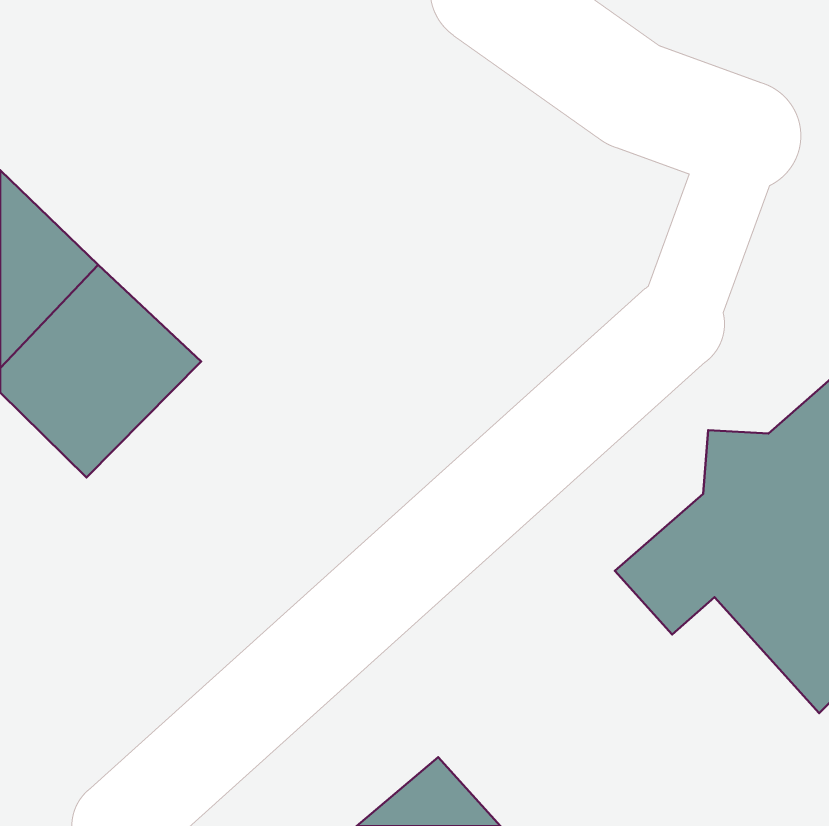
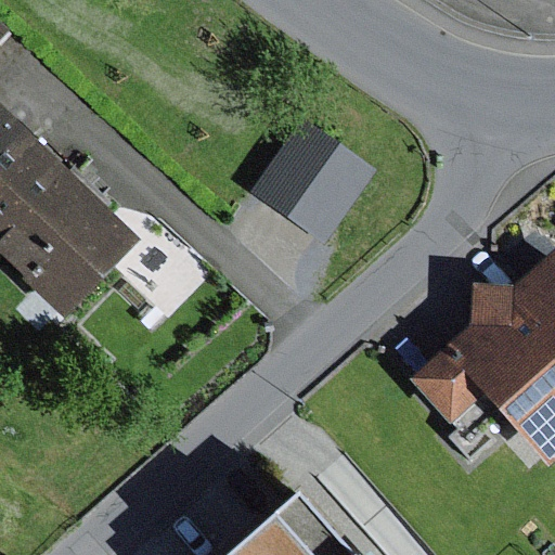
building: none -> [254,116,377,238]

